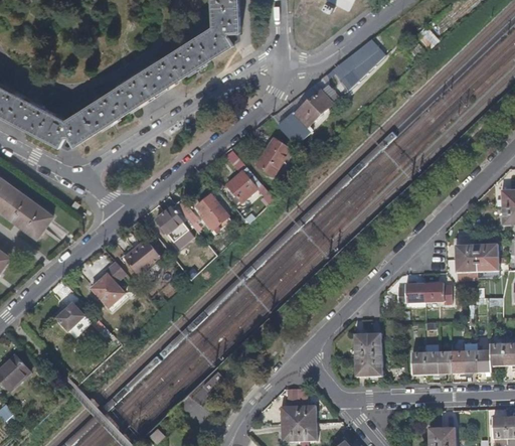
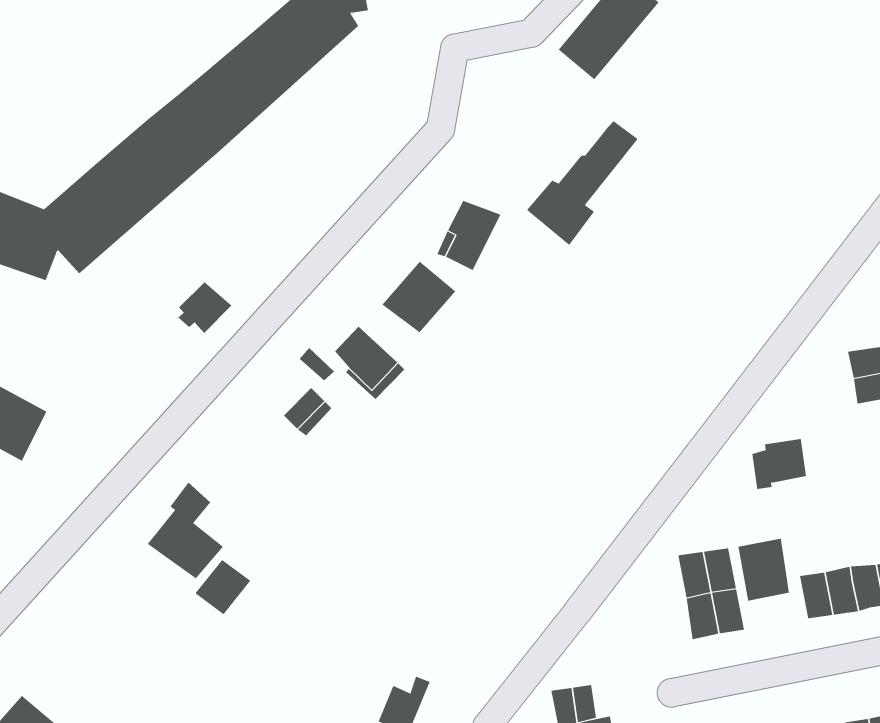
building: [278,86,339,145] -> [526,121,638,246]
building: [156,207,184,234] -> [178,281,232,334]
building: [125,235,162,272] -> none
building: [425,282,452,304] -> none
building: [56,303,85,331] -> [195,559,251,615]
building: none -> [738,538,789,601]

